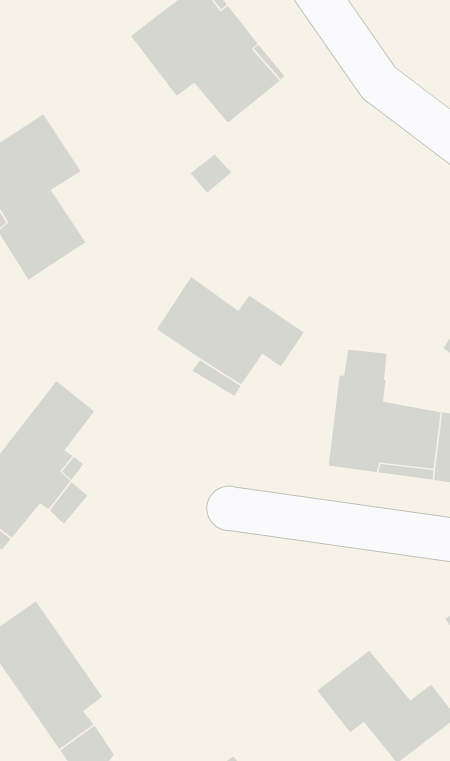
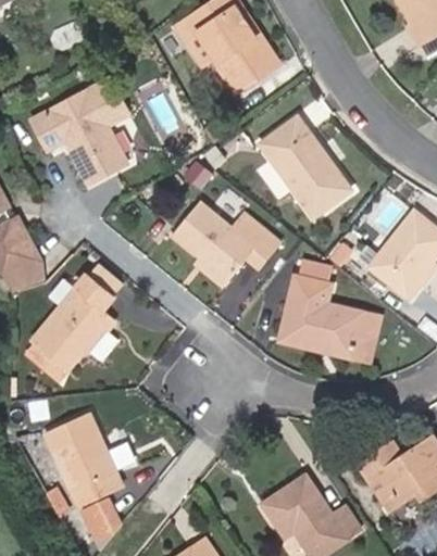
building: none -> [262,119,350,217]

